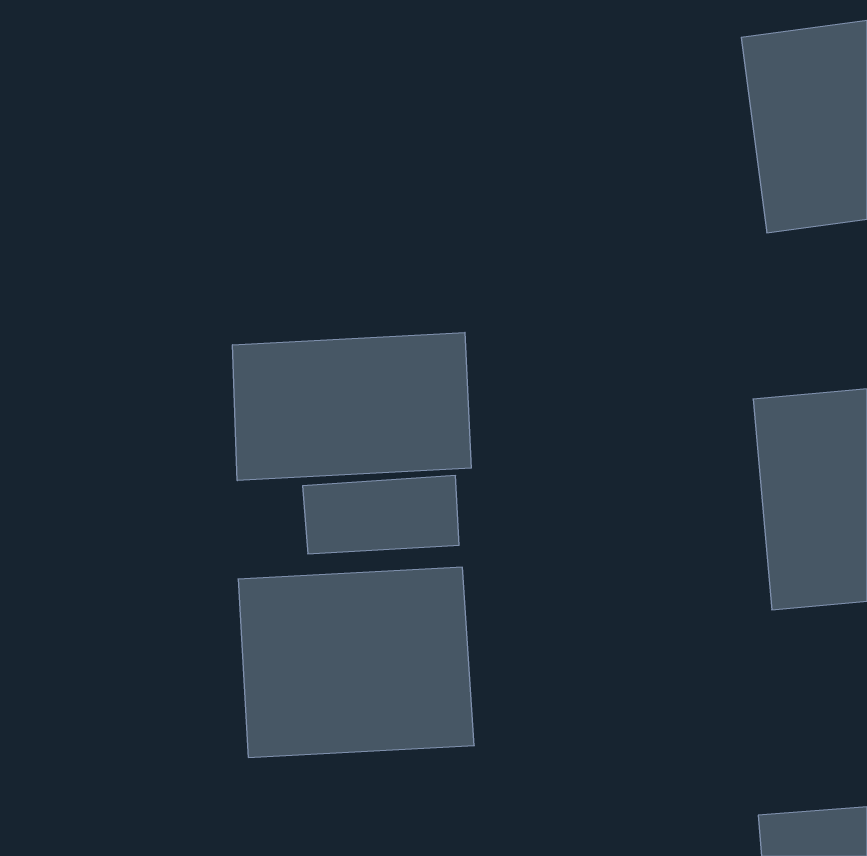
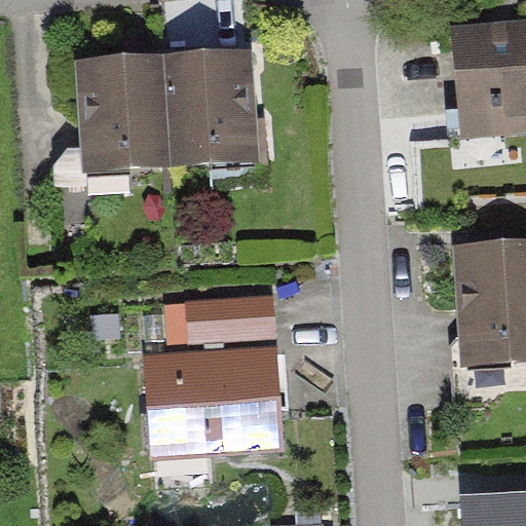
building: none -> [74,48,264,176]
building: [233,332,471,481] -> none

